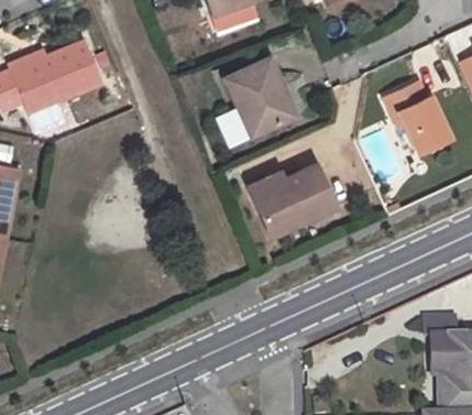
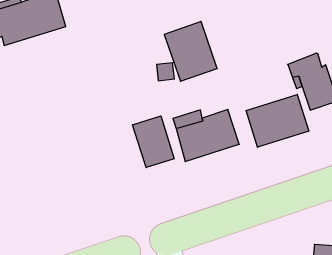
building: none -> [246,94,309,147]
building: none -> [133,116,174,168]

